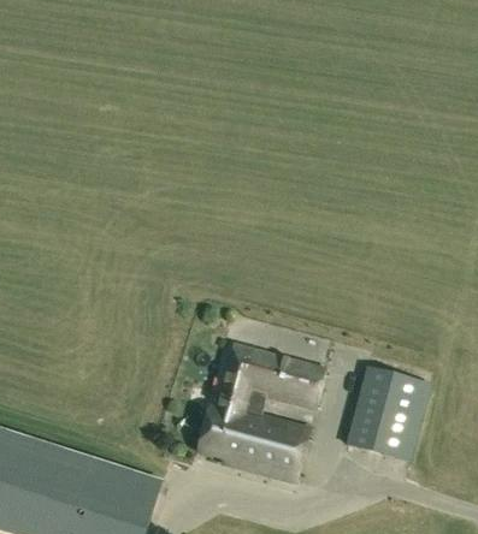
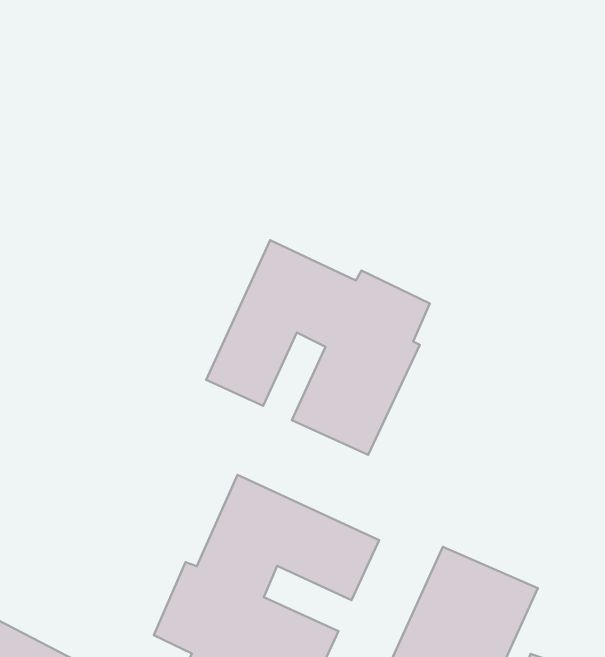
building: none -> [206,240,430,455]

